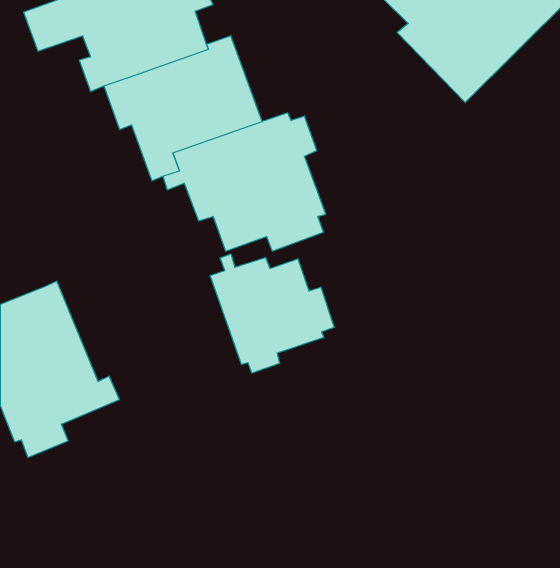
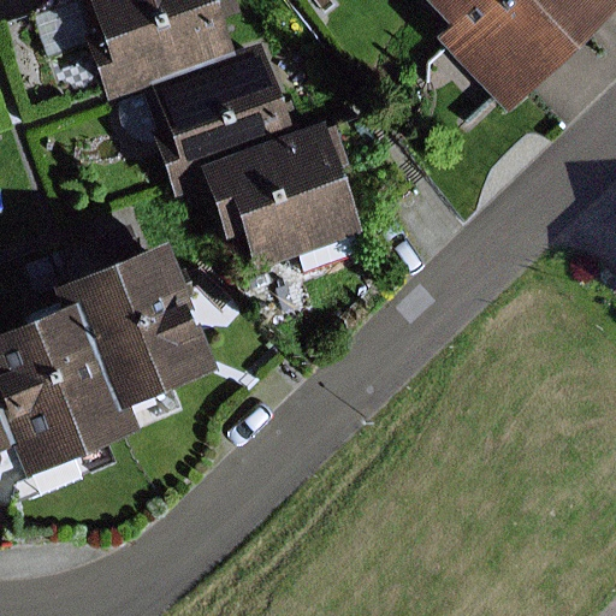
building: none -> [49,239,218,411]
building: [210,254,334,373] -> none

